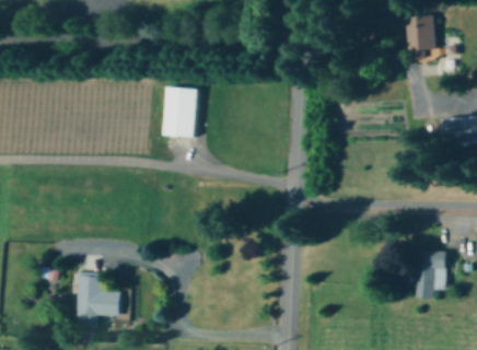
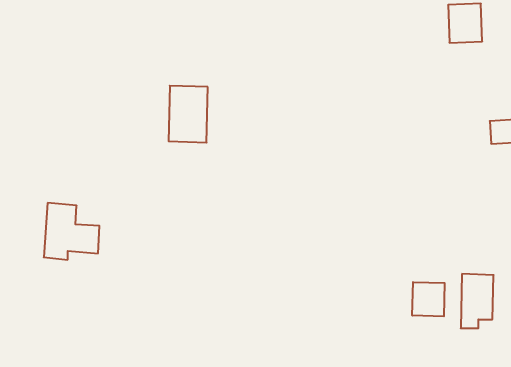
building: none -> [412,282,445,316]
building: [73,272,121,322] -> [44,203,99,260]

